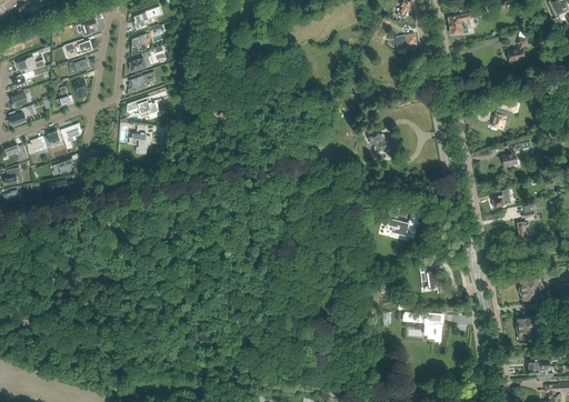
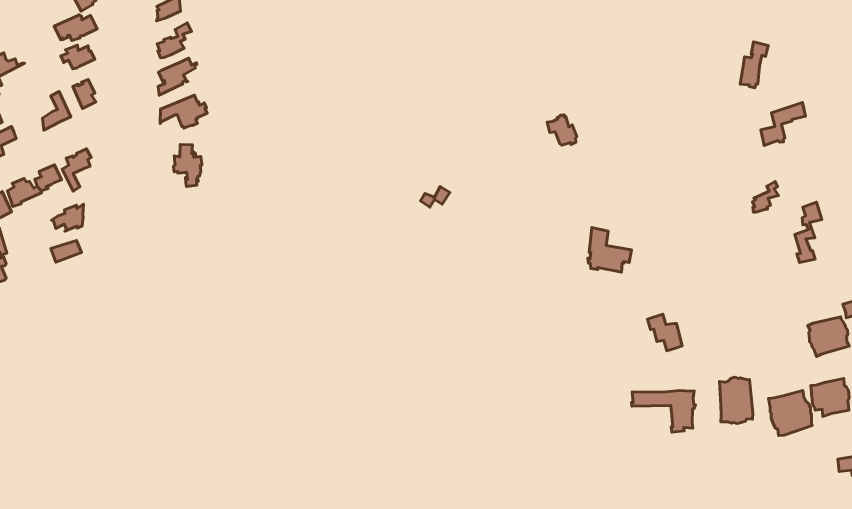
building: none -> [719,377,753,424]
building: none -> [768,390,812,436]

